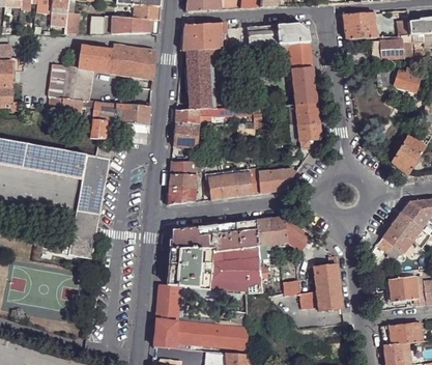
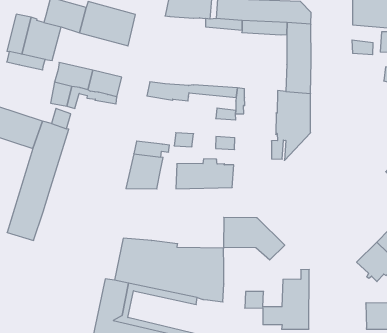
building: [186,49,210,109] -> none
building: [173,121,198,147] -> none
building: [257,167,295,192] -> none
building: [170,219,258,250] -> none

